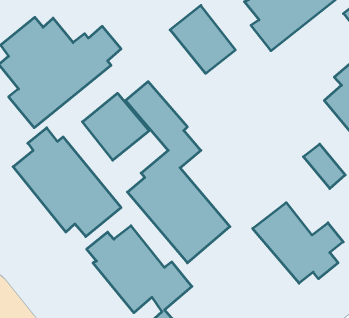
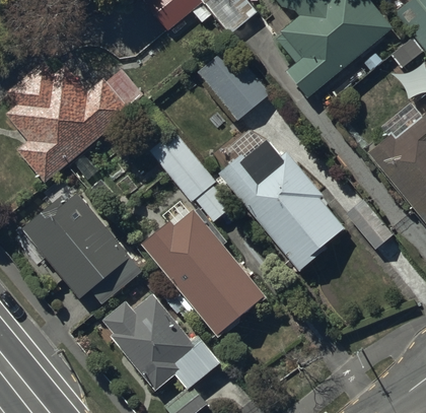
building: none -> [219,139,345,270]
building: [82,93,149,160] -> none
building: [253,203,343,283] -> none

